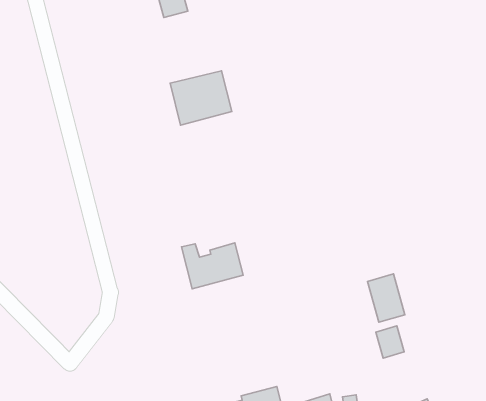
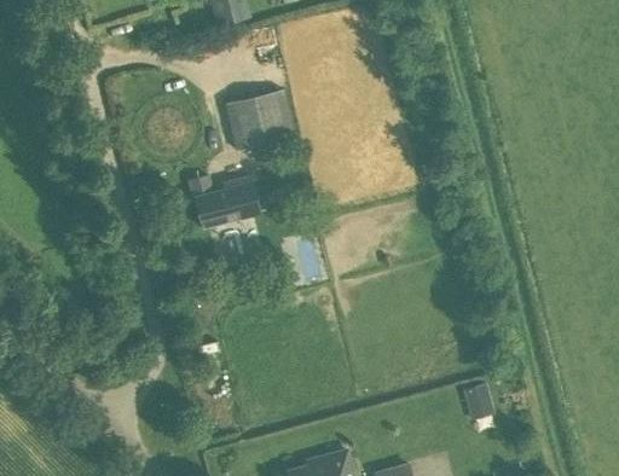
building: [182,243,243,289] -> [190,176,261,230]
building: [368,274,405,322] -> none

